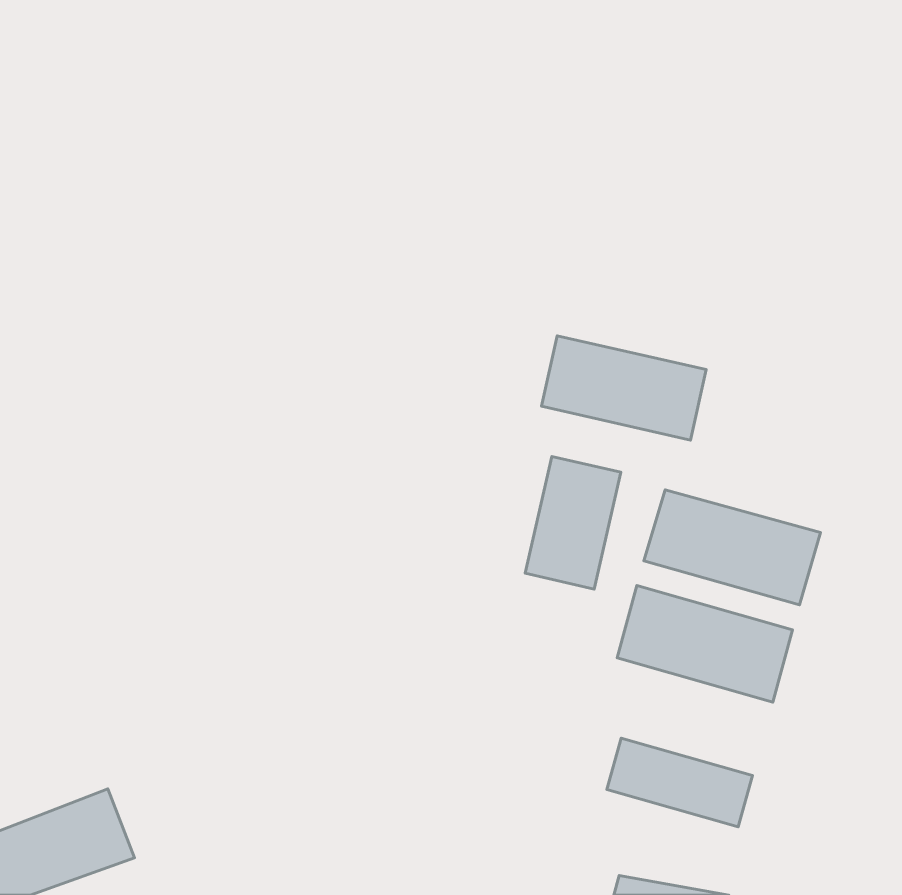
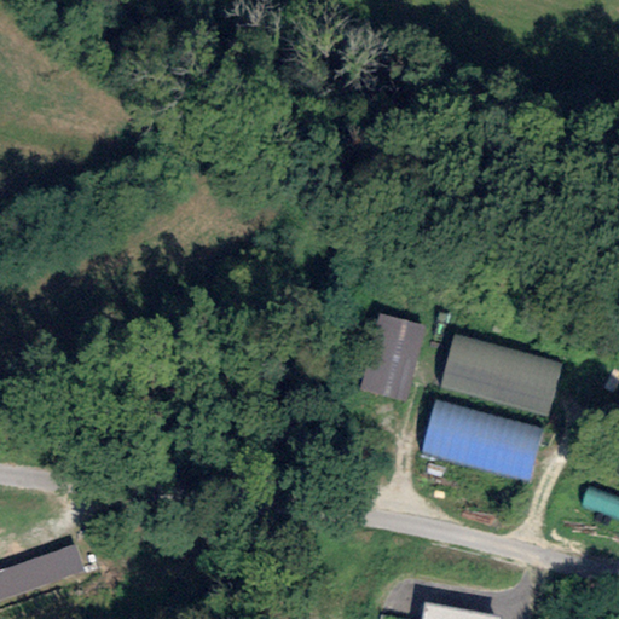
building: [541,336,706,440] -> none
building: [607,738,753,827] -> none

